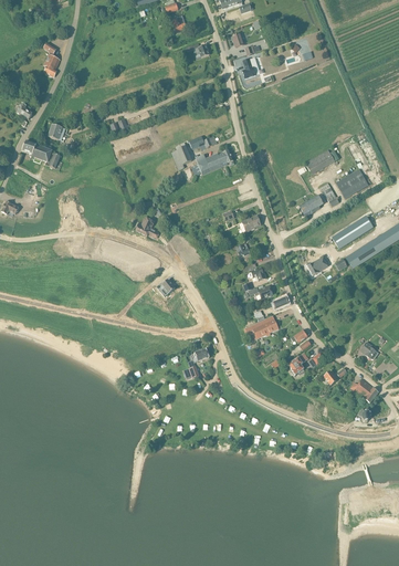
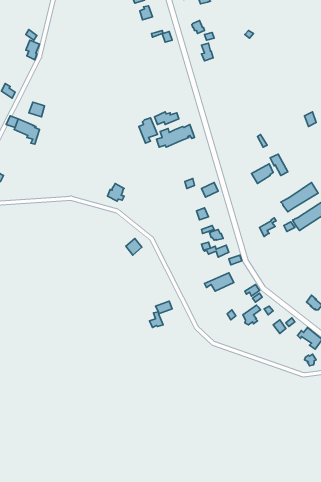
building: [335,168,368,198] -> none

